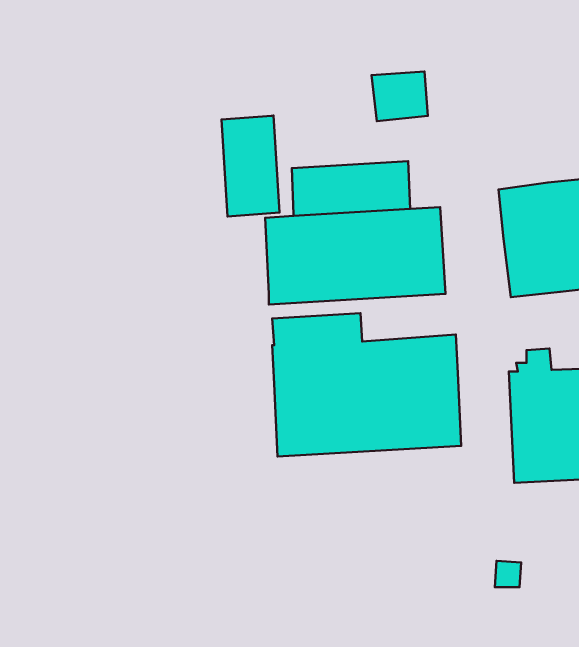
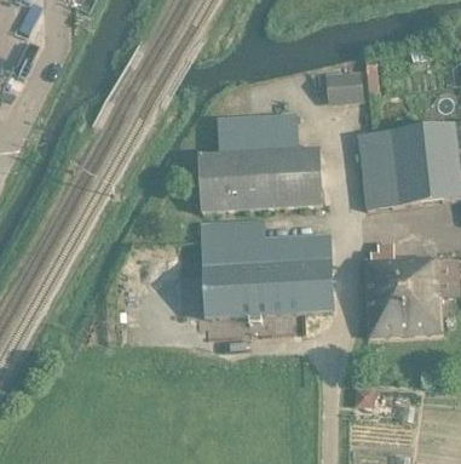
building: [371,72,428,121] -> [324,73,363,107]
building: [222,116,279,216] -> none

